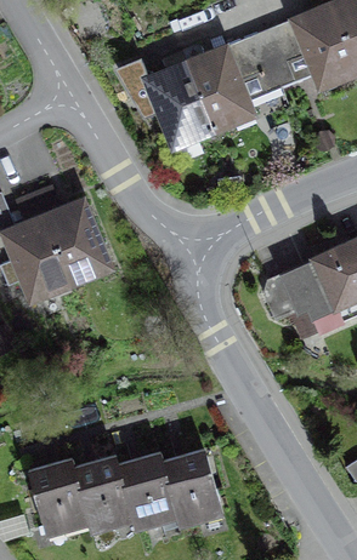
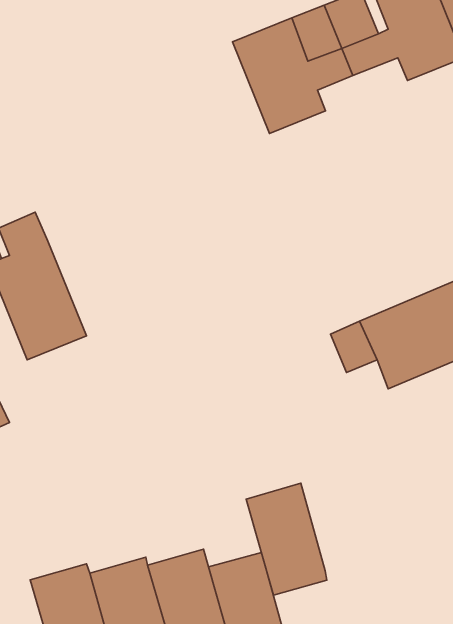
building: [113,48,211,150] -> none
building: [44,198,113,286] -> none
building: none -> [246,483,327,595]

